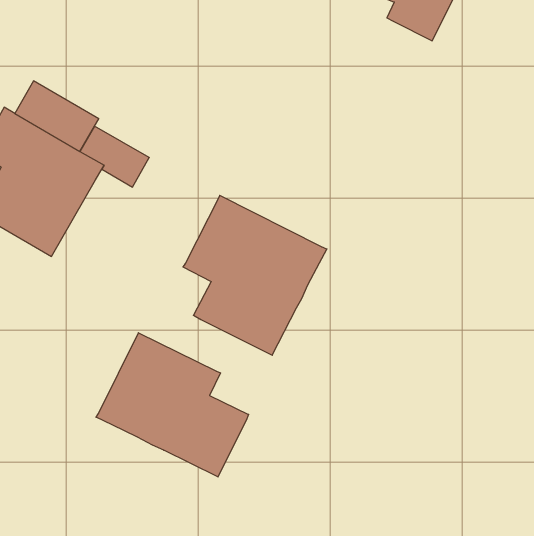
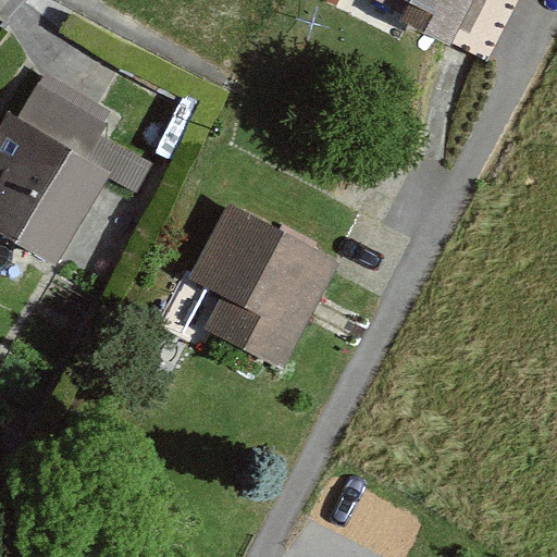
building: [96,333,249,477] -> none

